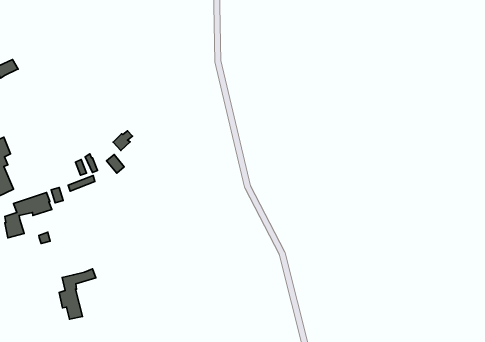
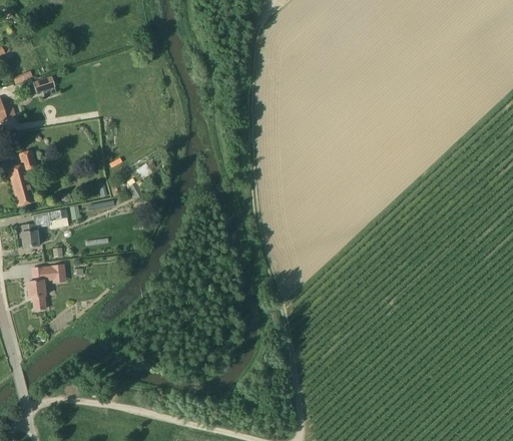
building: [59,269,96,319] -> [27,265,64,310]

